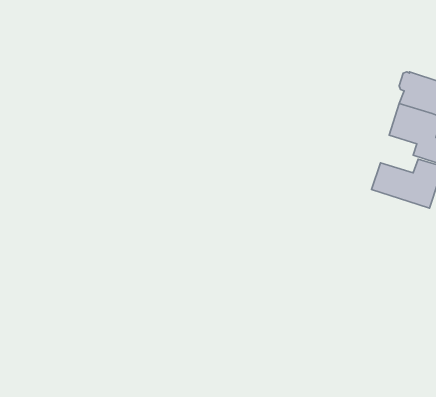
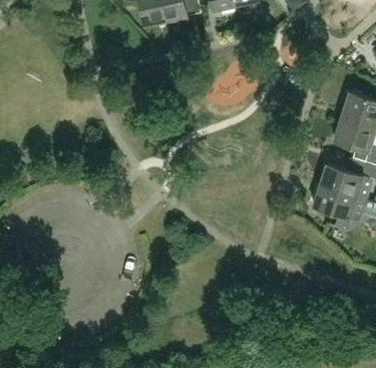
building: none -> [313,185,366,230]

